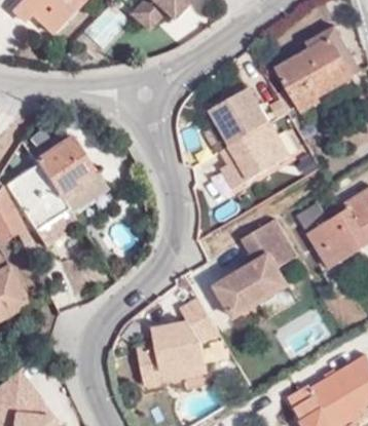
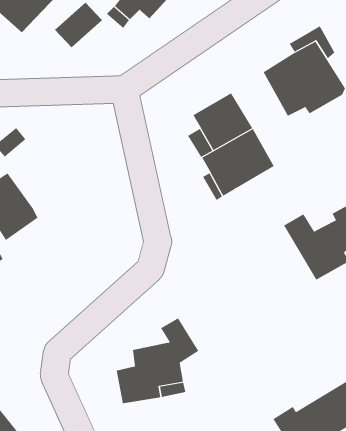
building: [35,135,108,211] -> none
building: [217,221,296,314] -> none

